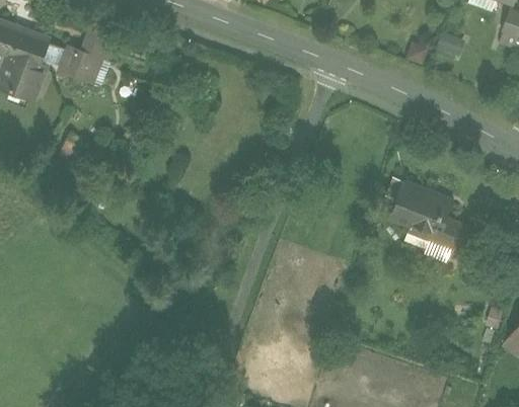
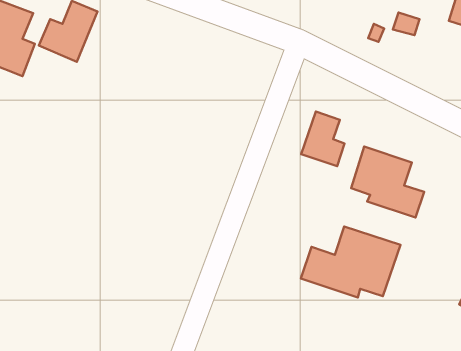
building: none -> [301,111,345,166]
building: none -> [301,227,400,298]

